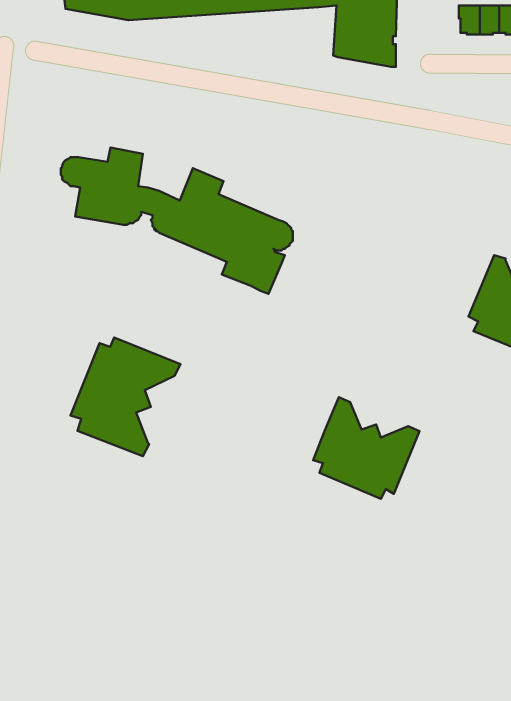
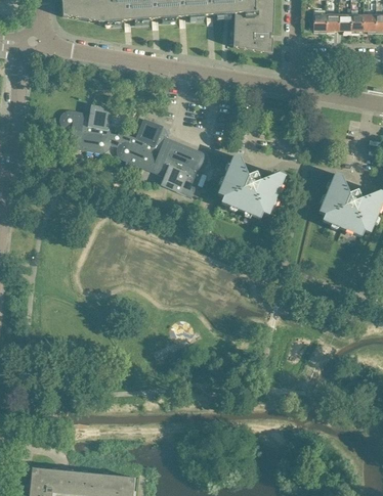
building: [70,337,181,456] -> none
building: [313,397,420,499] -> [217,153,285,218]

